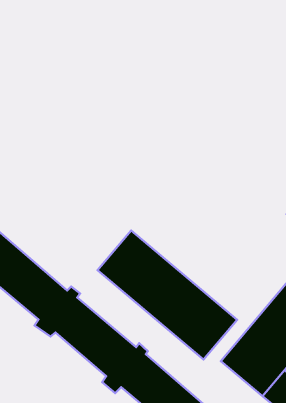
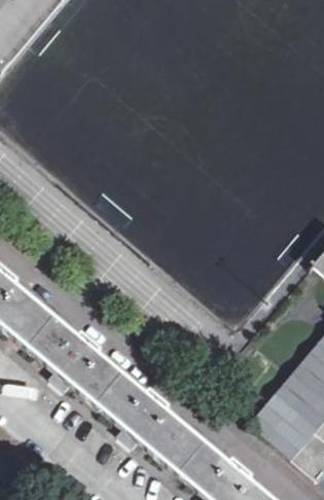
building: [97,231,237,359] -> none

